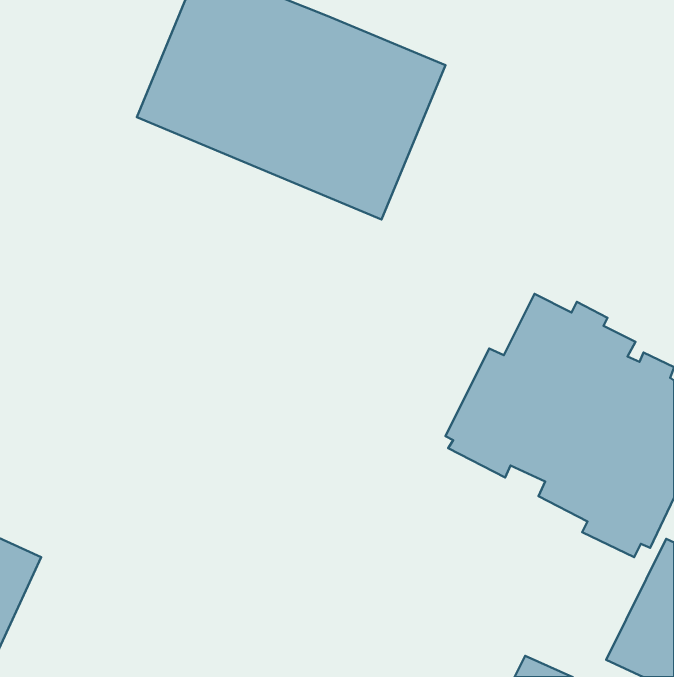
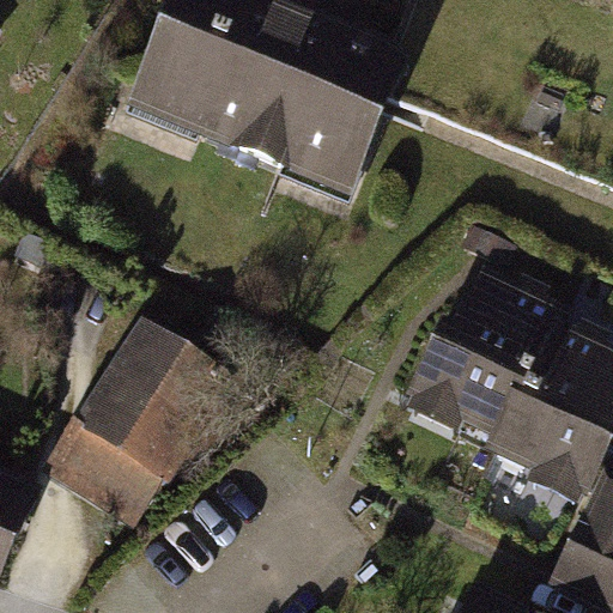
building: none -> [42,328,230,534]

